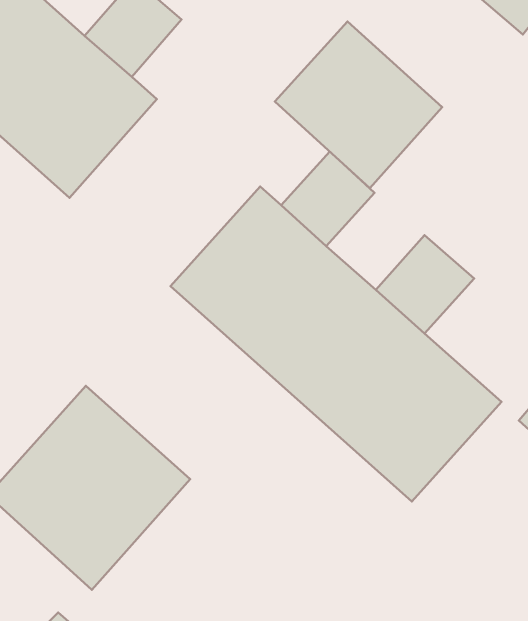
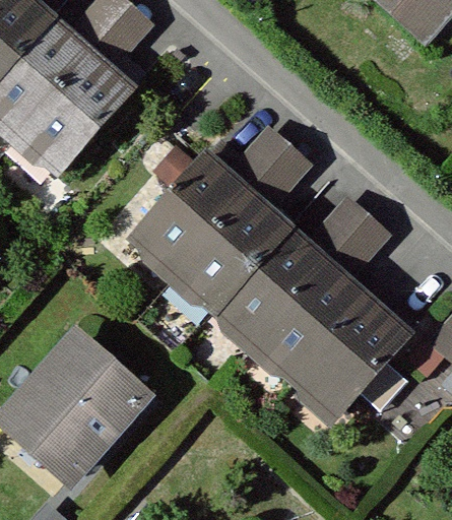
building: [275,22,442,188] -> none

